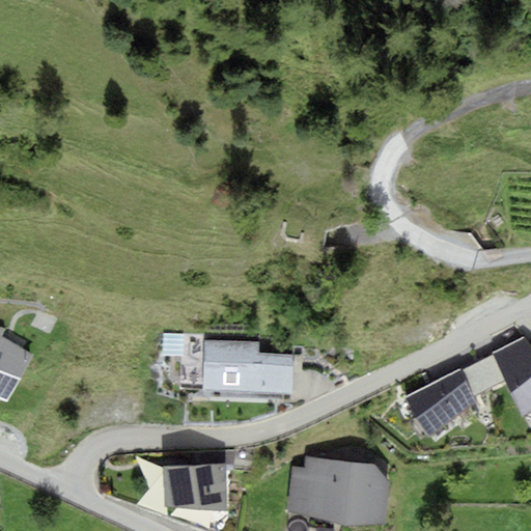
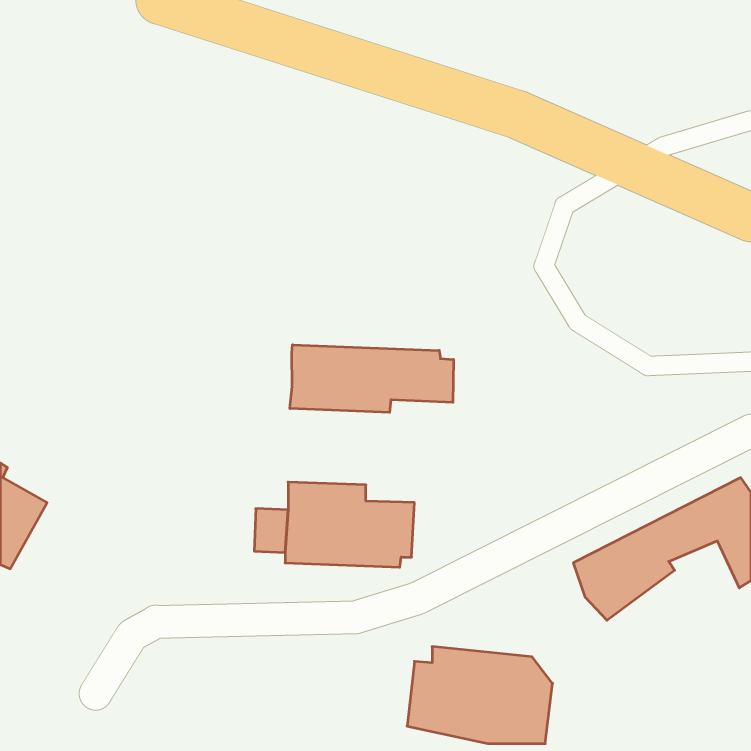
building: none -> [290,345,453,412]
building: [163,465,226,511] -> none

